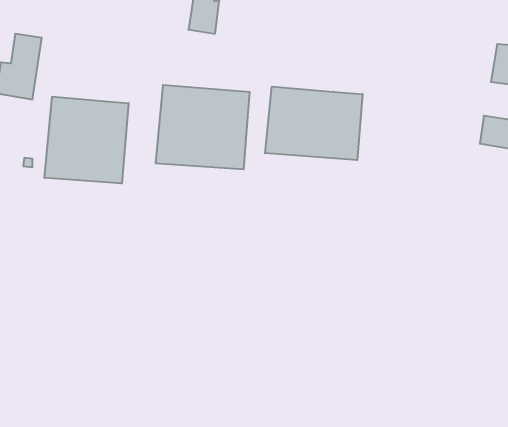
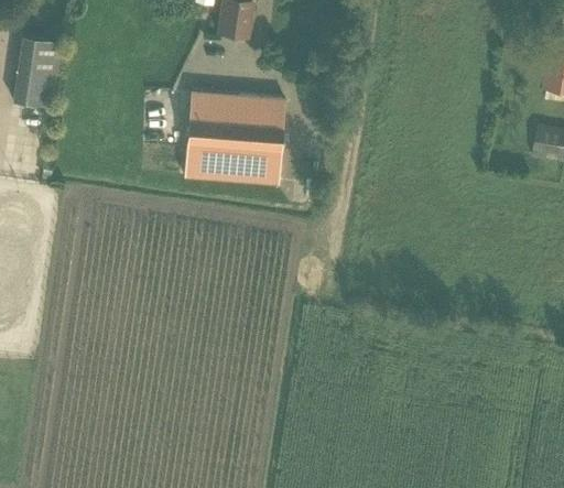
building: [265,87,363,160] -> none
building: [44,97,129,184] -> none

